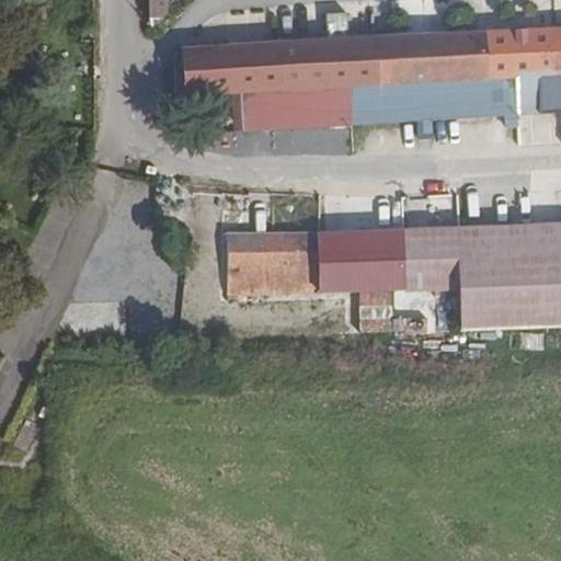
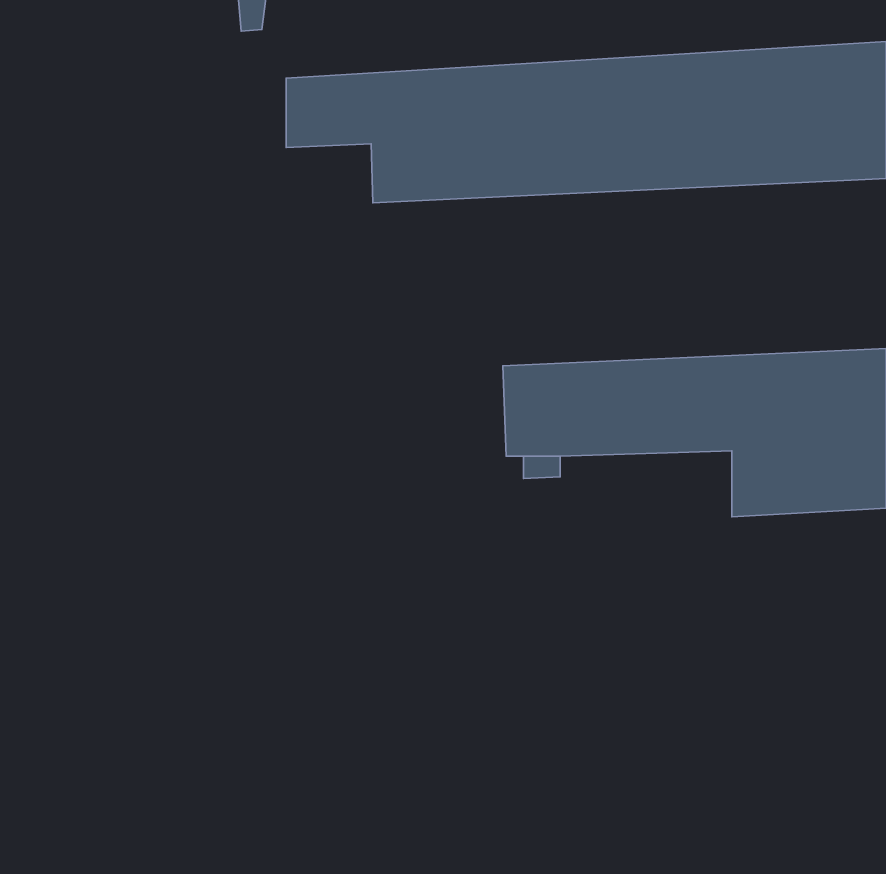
building: [230,231,320,291] -> none

